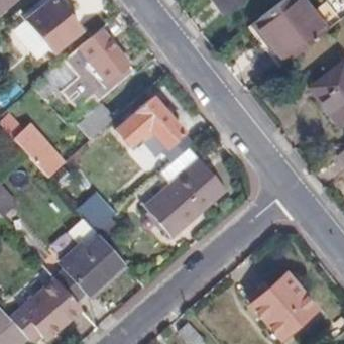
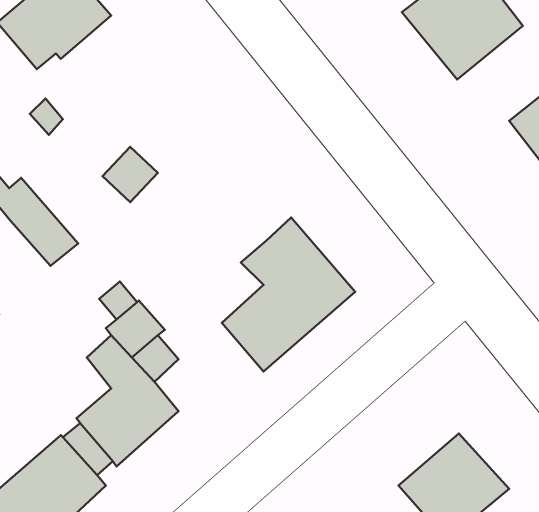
building: [63,38,118,107] -> none
building: [115,98,193,159] -> none

